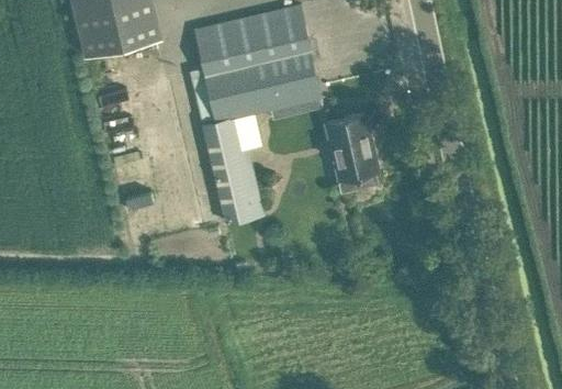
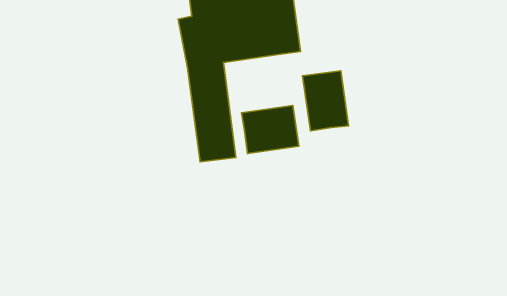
building: none -> [241,106,299,153]

